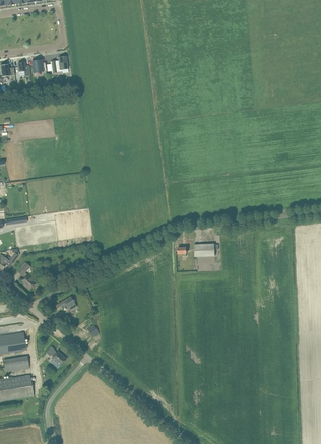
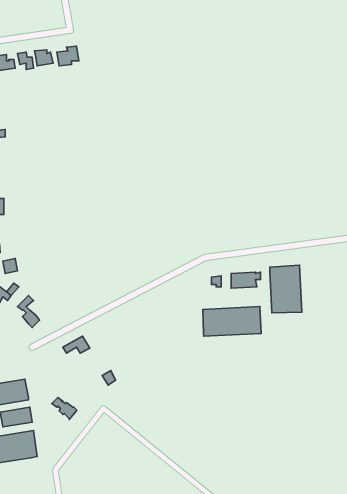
building: none -> [270,265,302,313]
building: none -> [203,307,261,336]

